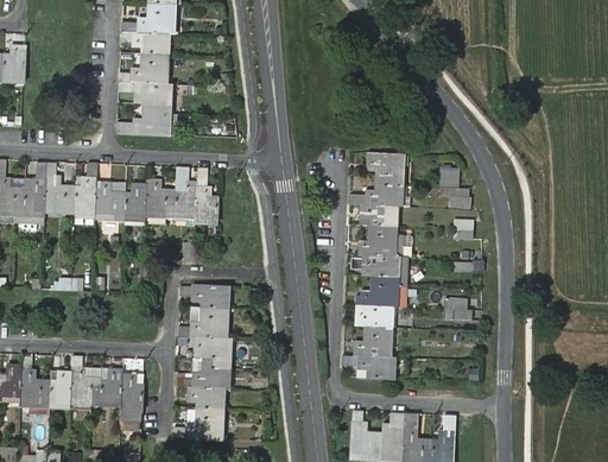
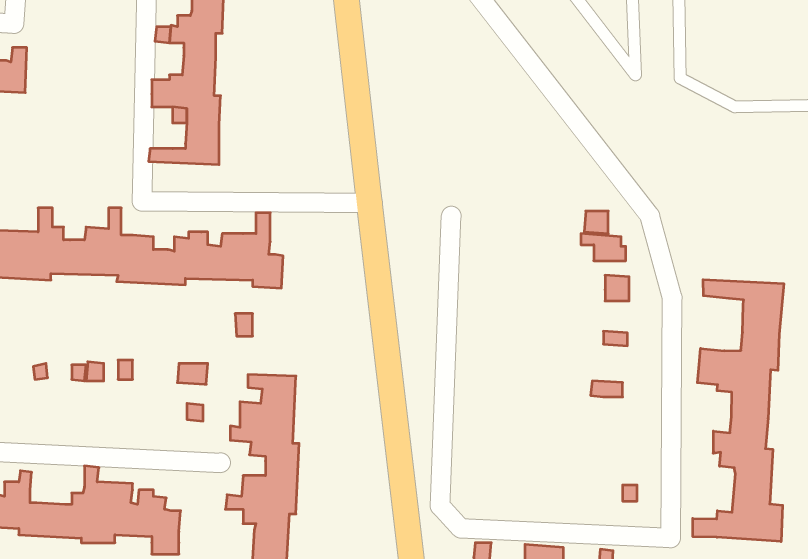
building: [348,151,405,374] -> none
building: none -> [693,280,784,542]

